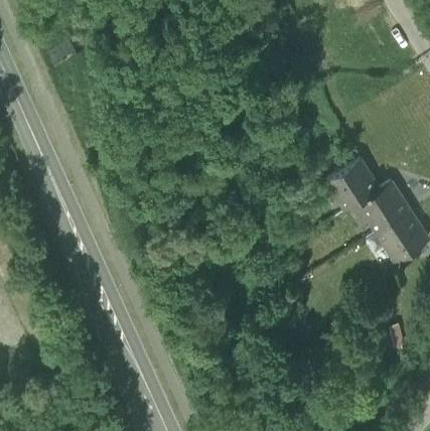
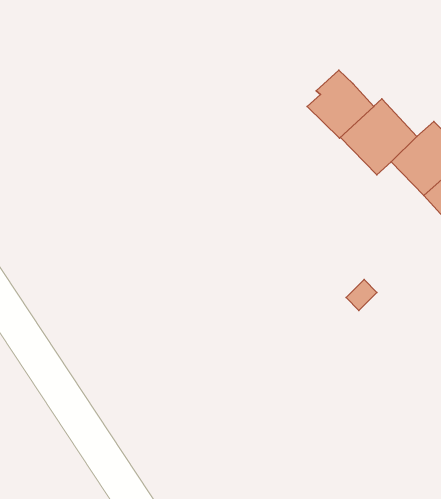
building: none -> [307,70,374,138]

